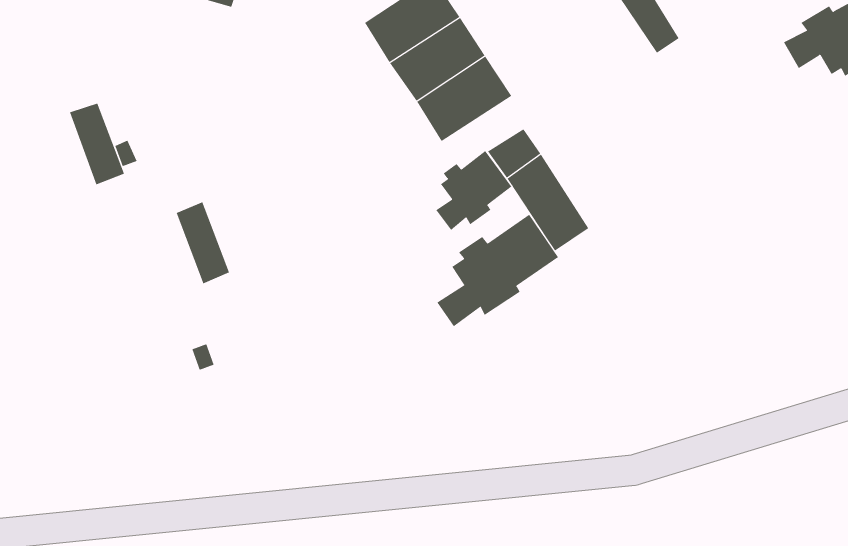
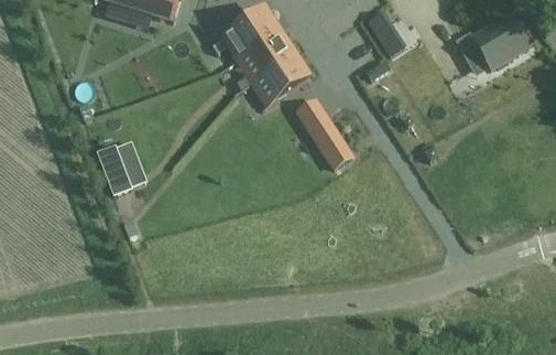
building: [69,103,125,185] -> [98,144,130,192]
building: [435,150,512,231] -> none
building: [436,214,559,327] -> none

